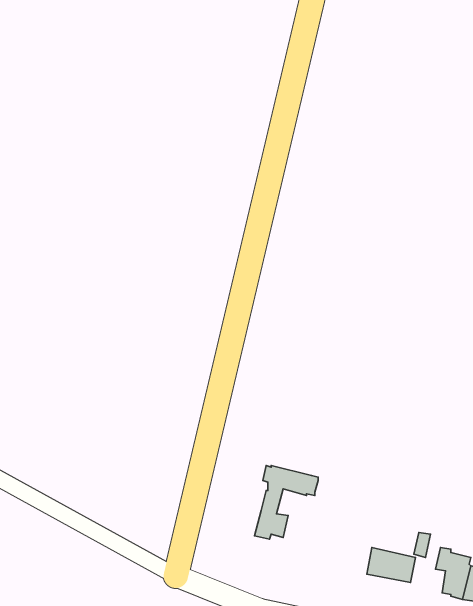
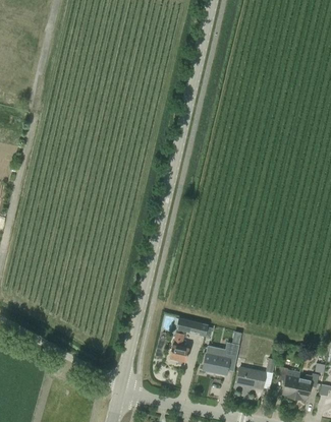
building: none -> [203,331,241,375]

